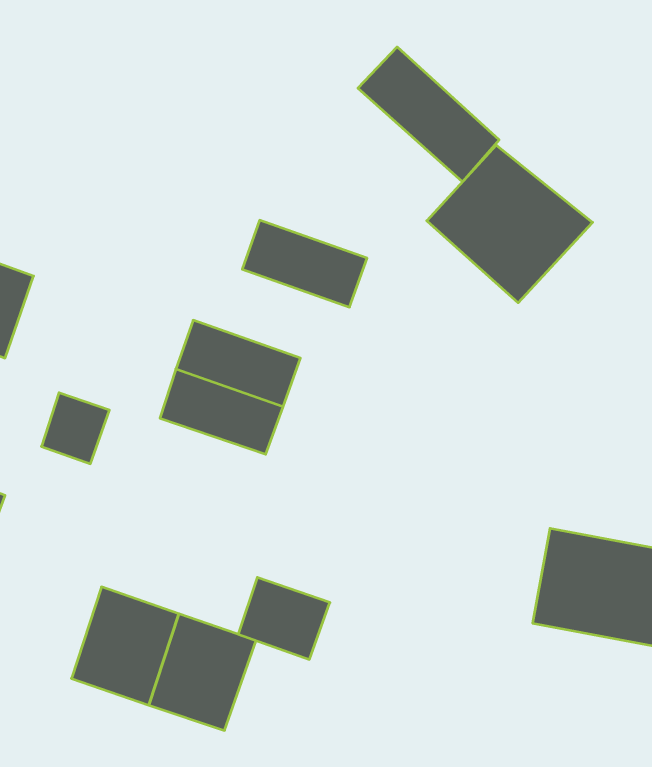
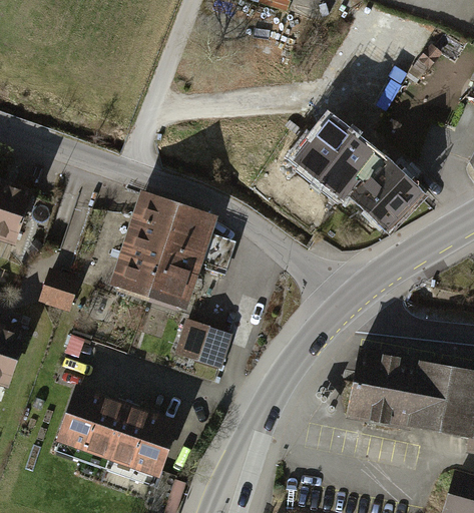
building: [358,47,499,182] -> none
building: [242,220,367,307] -> [135,190,214,245]
building: none -> [353,159,419,228]
building: [238,577,330,659] -> [176,319,234,371]

